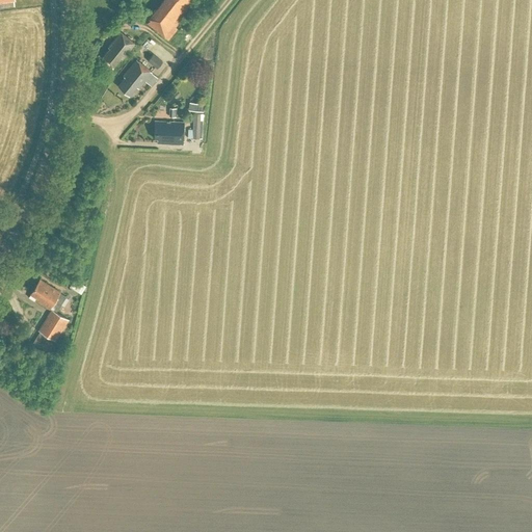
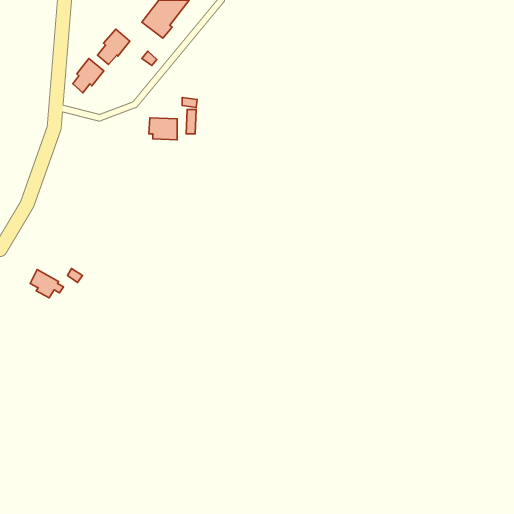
building: [117,60,150,96] -> [73,59,104,93]
building: [37,309,69,341] -> none

